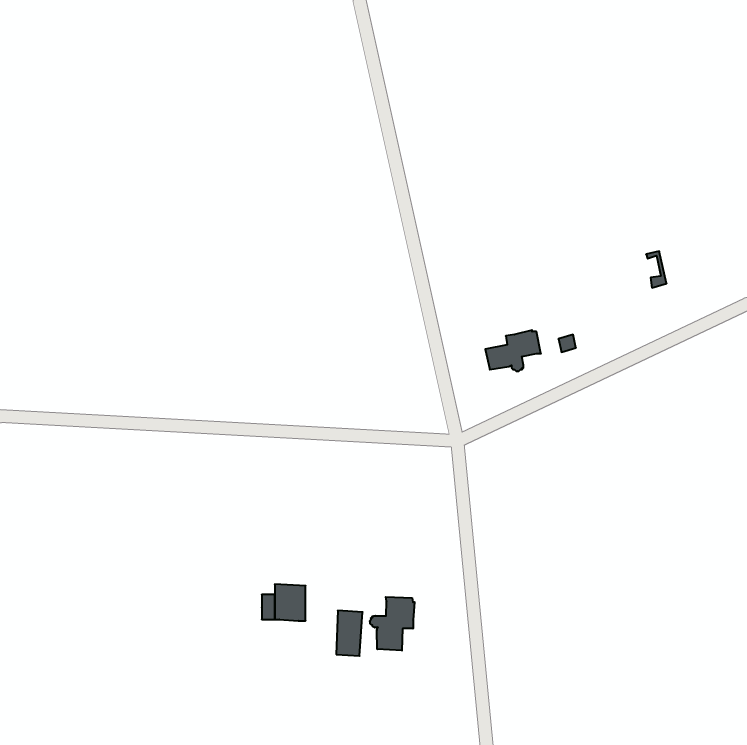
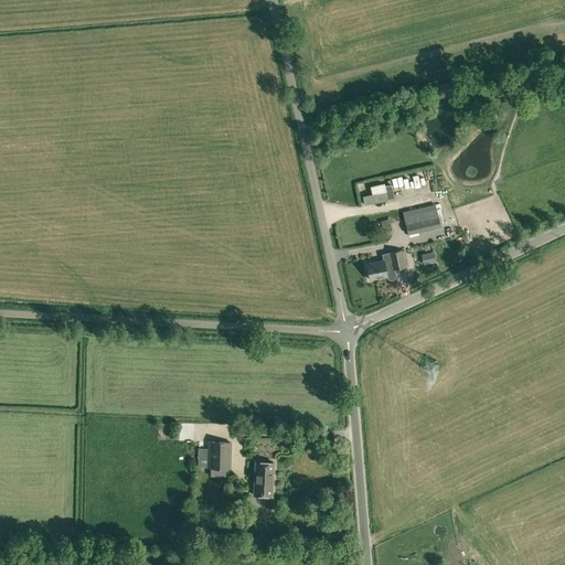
building: none -> [403,206,440,235]
building: [370,597,415,651] -> none

